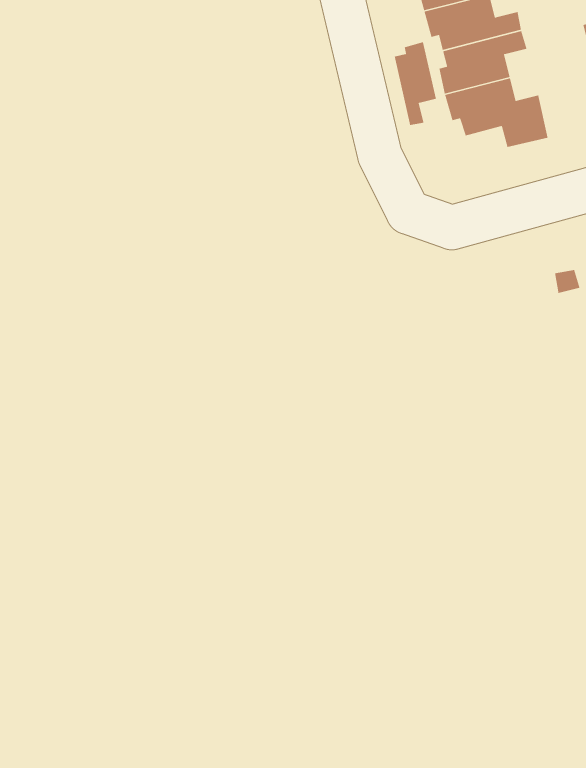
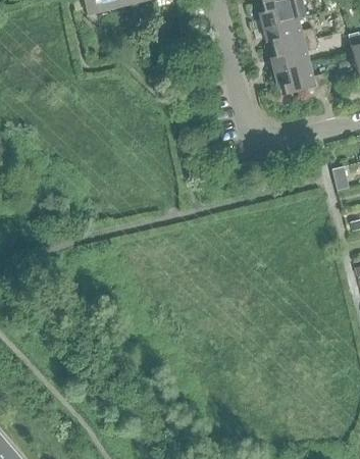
building: [394,41,437,126] -> none

